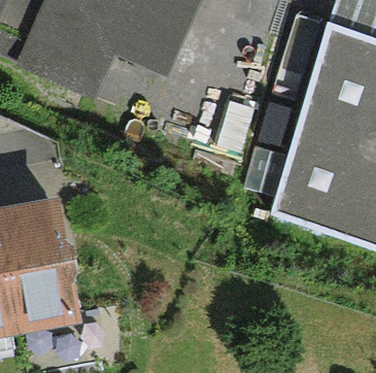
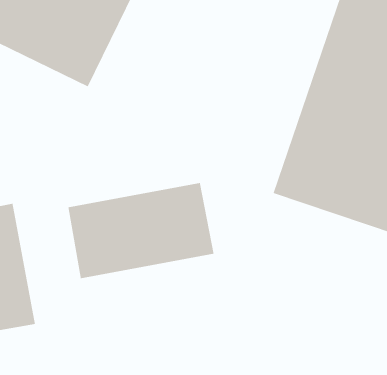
building: none -> [67,182,214,279]

